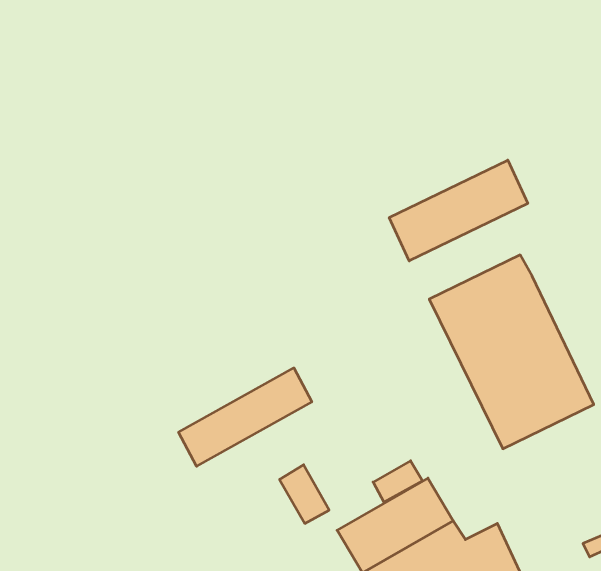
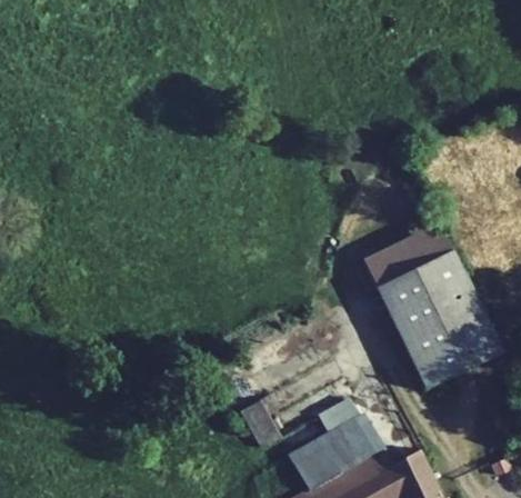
building: [389,160,528,261] -> none
building: [179,368,312,466] -> none

